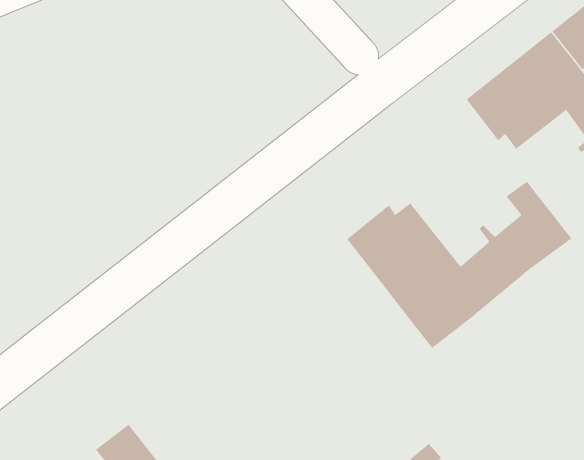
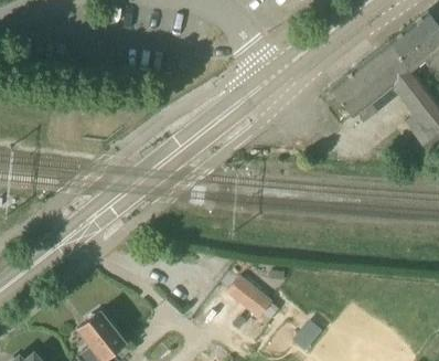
building: [346,181,572,349] -> none
building: none -> [229,278,272,318]

